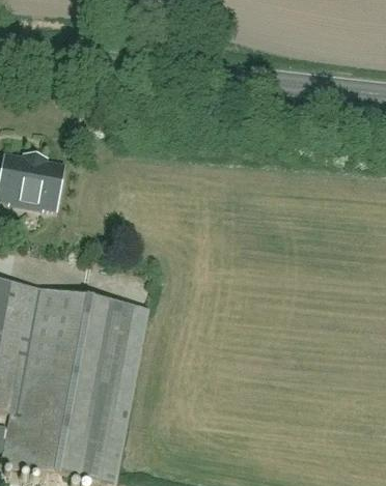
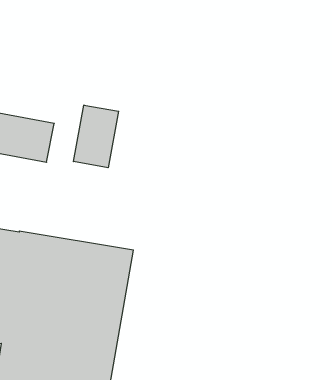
building: none -> [73,105,119,168]

